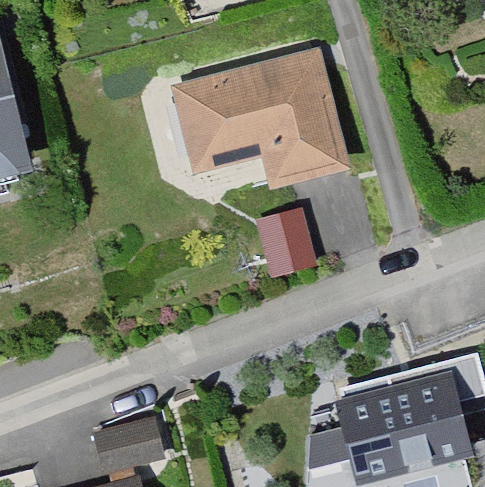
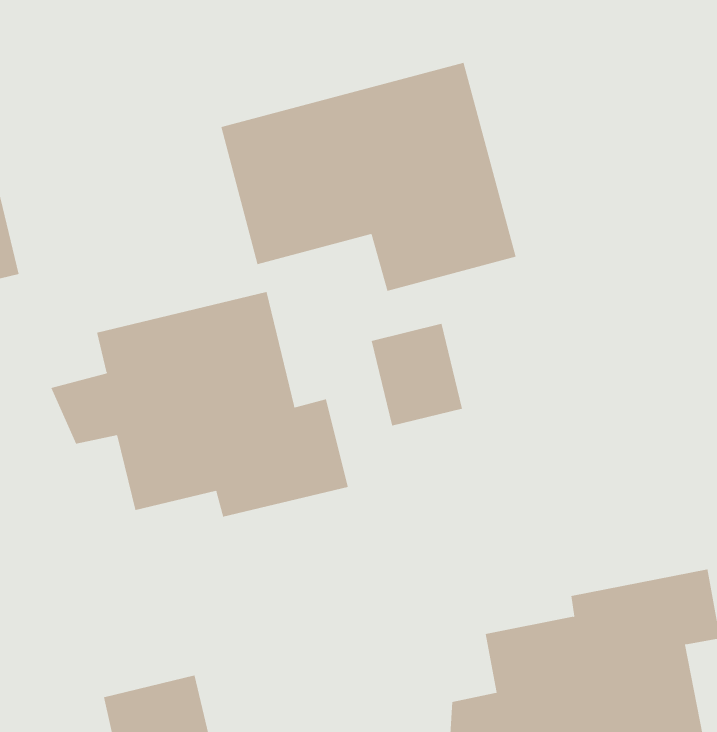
building: none -> [50,291,348,518]

